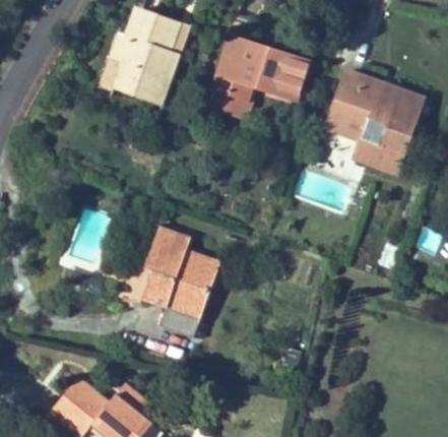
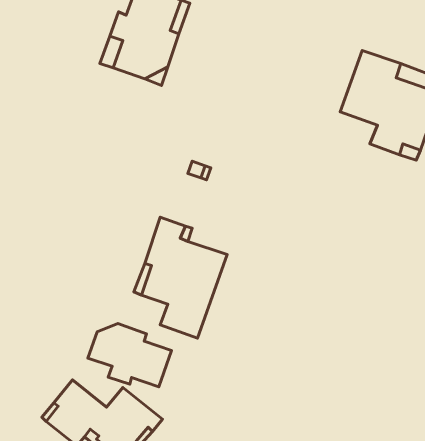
building: [208,36,308,120] -> none
building: none -> [88,323,172,387]

